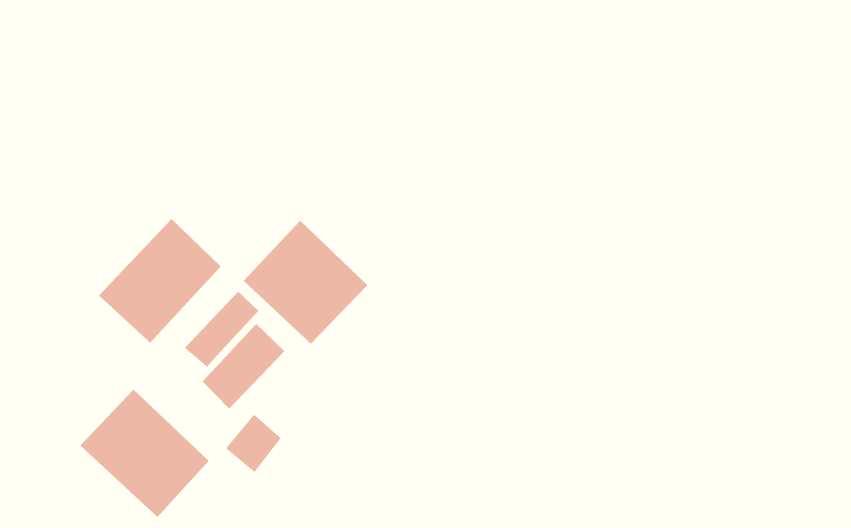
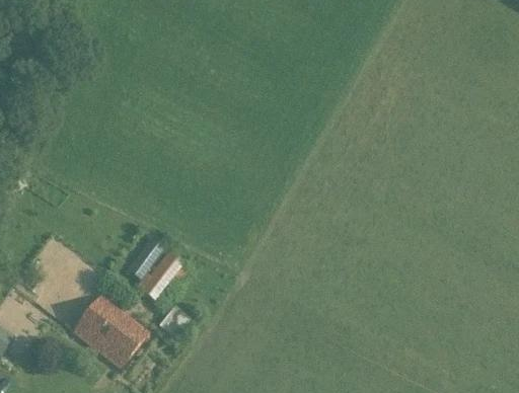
building: [98,218,222,343] -> none
building: [243,220,368,345] -> none

